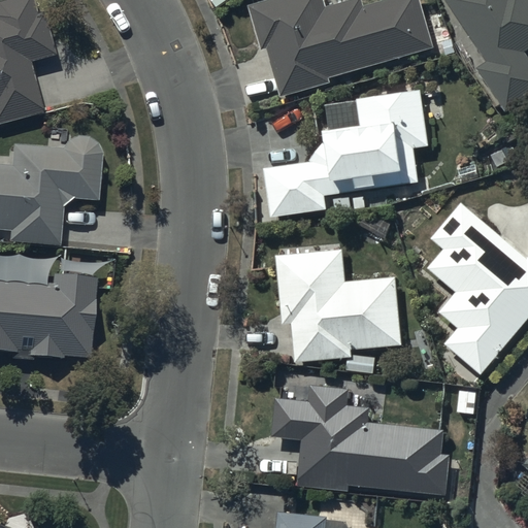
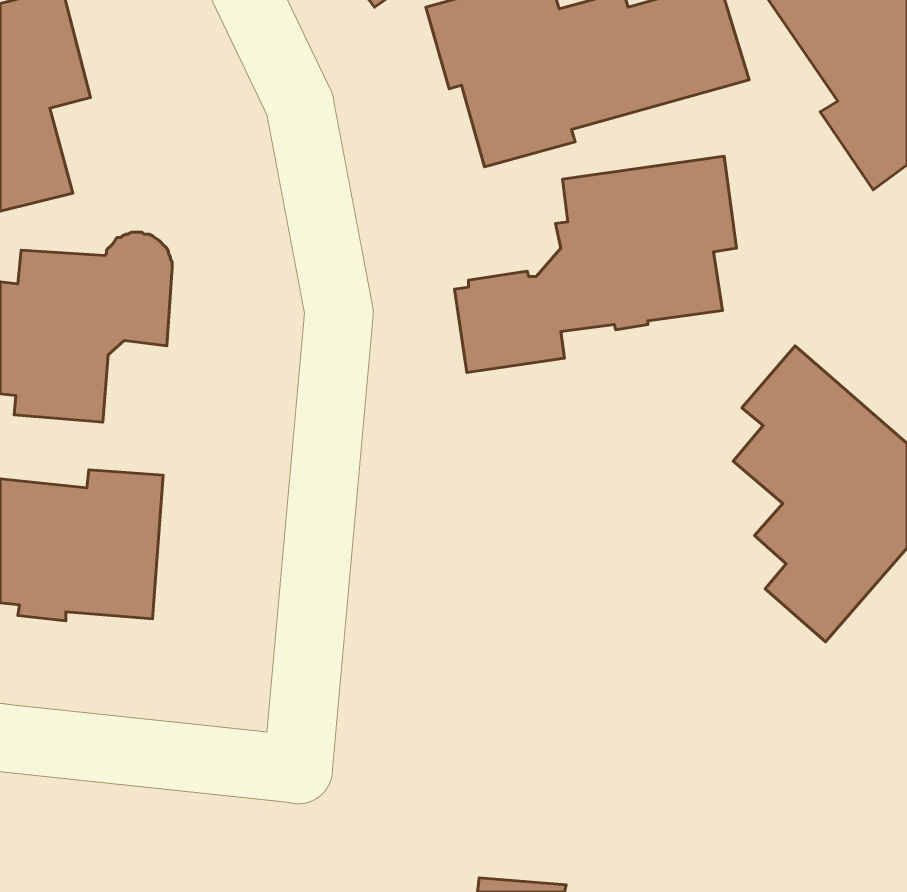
building: [276,250,402,361] -> none
building: [273,385,451,493] -> none

